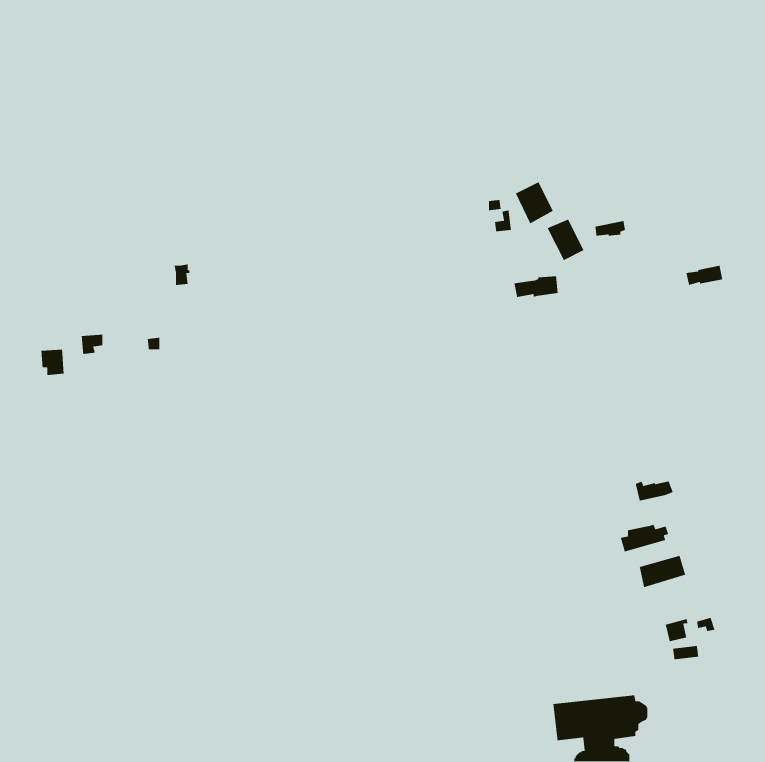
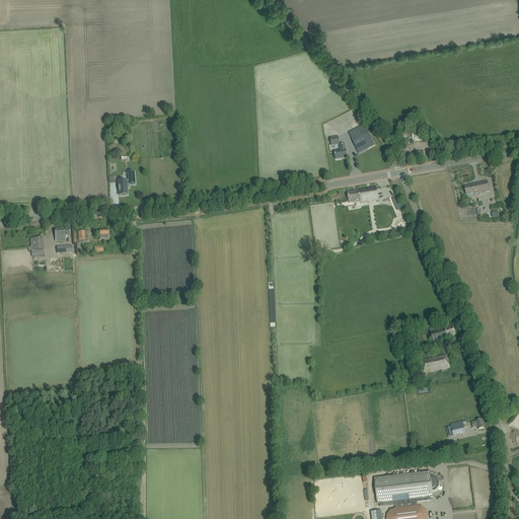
building: [546,218,585,261] -> none
building: [639,555,686,588] -> none

